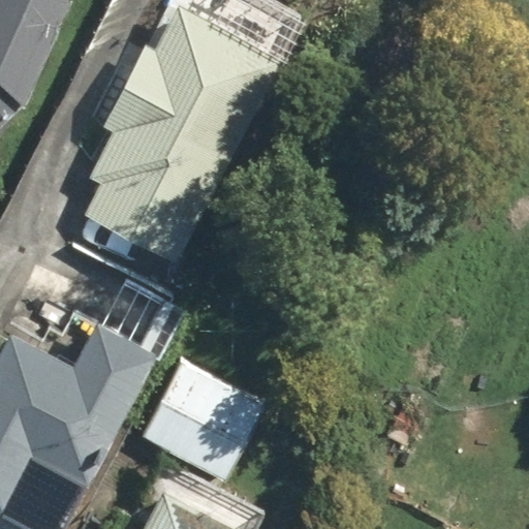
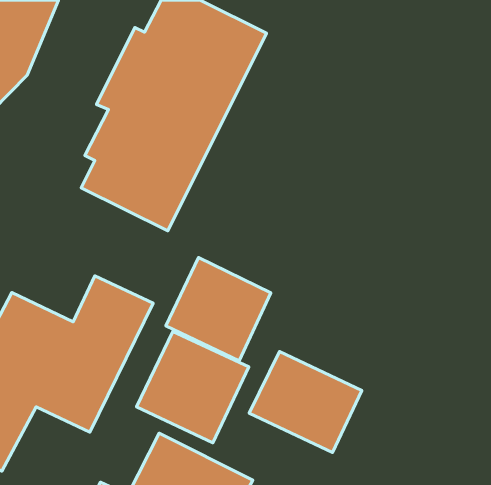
building: none -> [166,257,271,361]
building: none -> [249,352,362,453]

